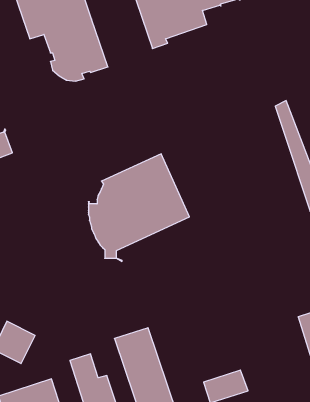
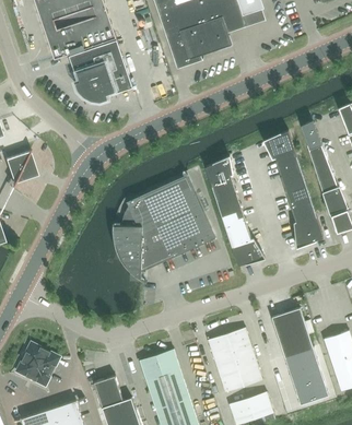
building: none -> [265,130,322,247]
building: none -> [206,156,263,267]
building: none -> [271,308,328,404]
building: none -> [208,328,262,392]

